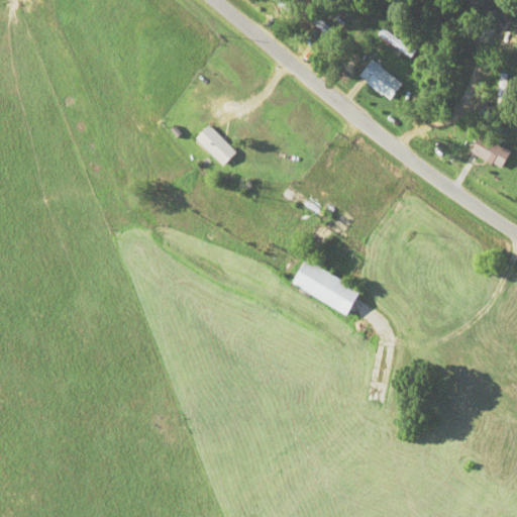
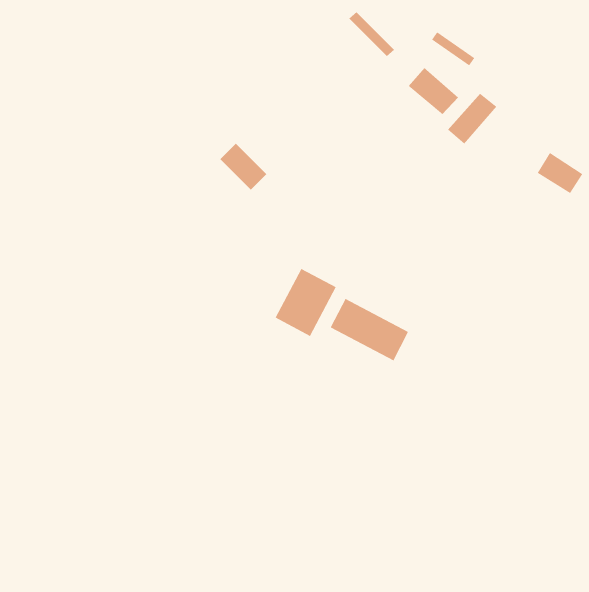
building: none -> [447,93,497,144]
building: none -> [275,268,336,337]

